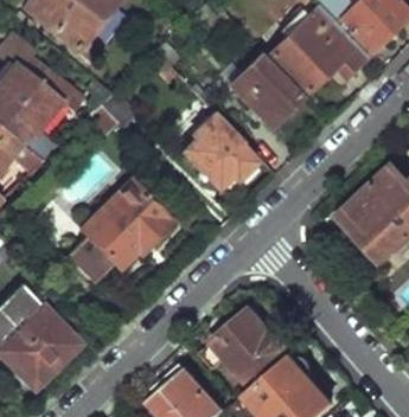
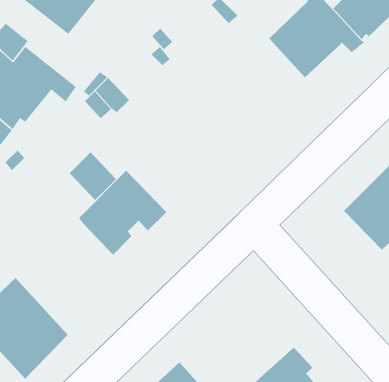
building: [228,59,295,128] -> none
building: [184,115,254,187] -> none
building: [65,233,113,282] -> [69,152,117,201]
building: [209,310,288,385] -> none

